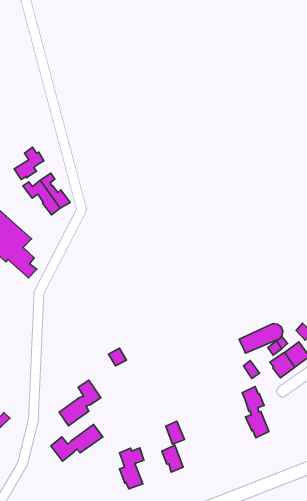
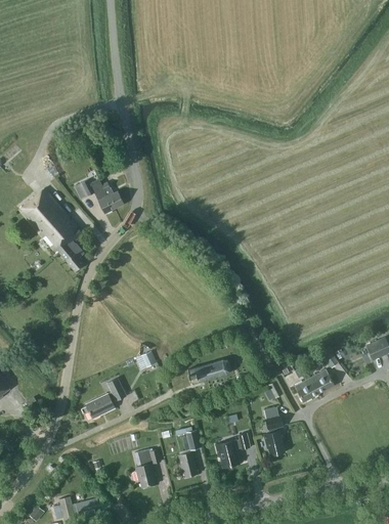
building: [14,147,44,179] -> none
building: [239,324,283,353] -> [187,358,230,383]
building: none -> [215,432,250,466]
building: [51,425,103,461] -> none

